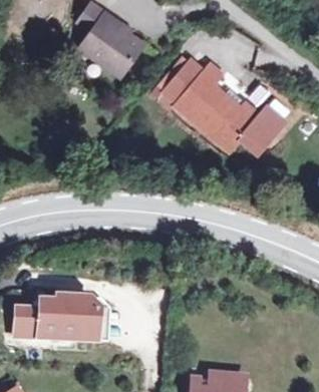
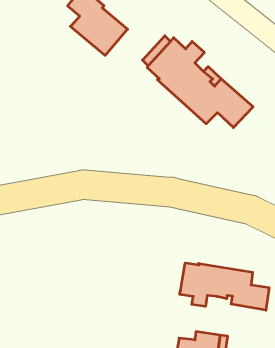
building: [16,289,101,335] -> none
building: none -> [180,263,269,310]

